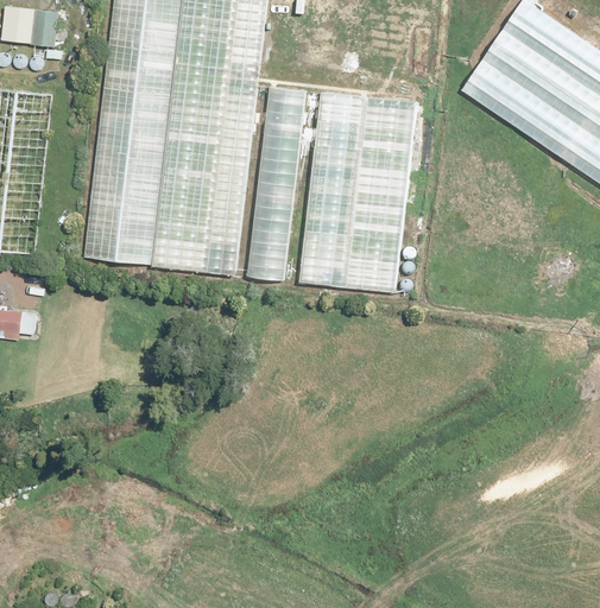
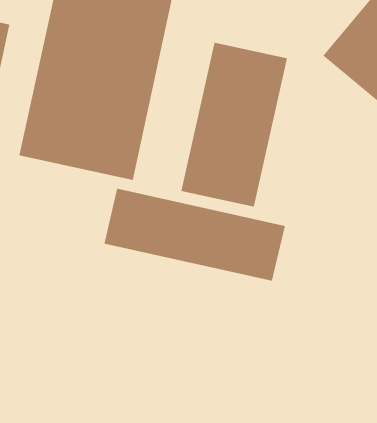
building: [244,87,308,281] -> none
building: none -> [104,188,285,282]

